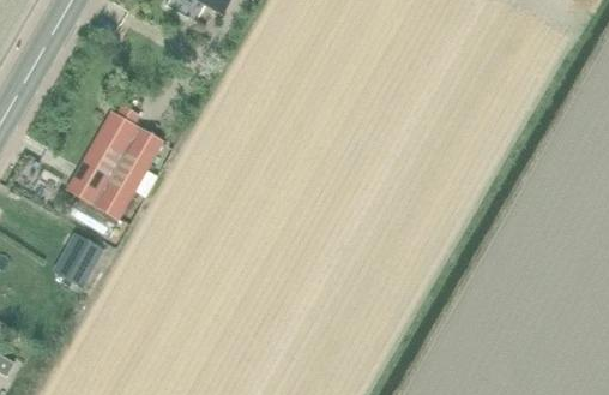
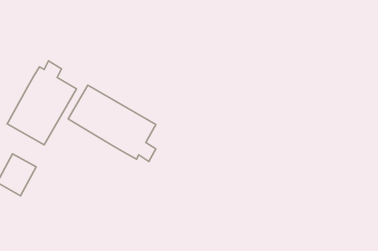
building: none -> [68,85,156,161]

